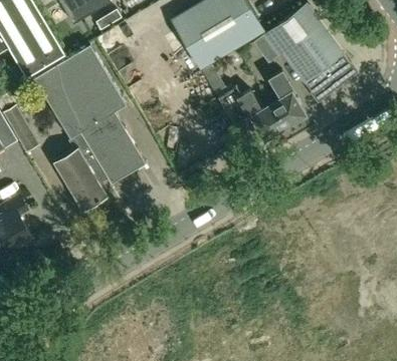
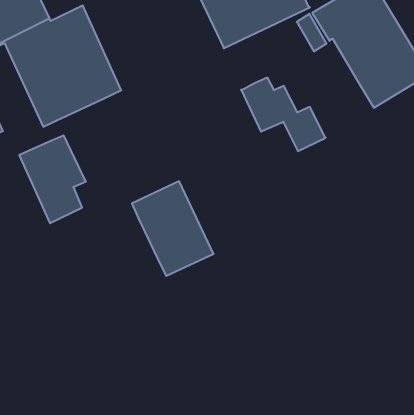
building: [267,71,305,126] -> none
building: [79,112,145,185] -> [132,181,214,276]

